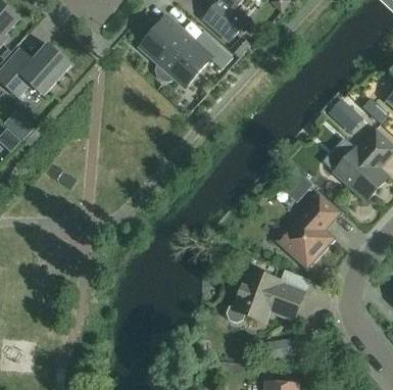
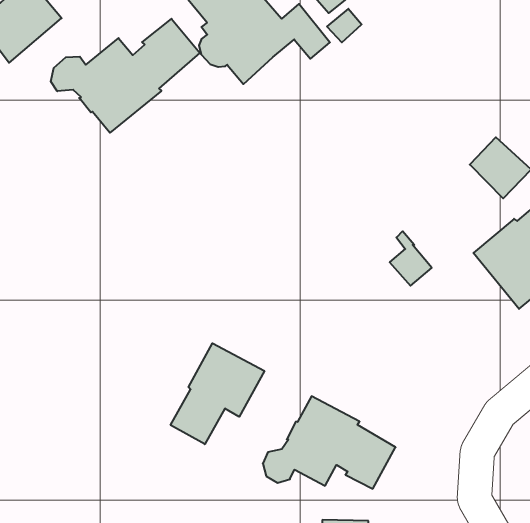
building: none -> [51,19,200,133]
building: [278,193,339,266] -> none
building: none -> [171,343,264,444]

